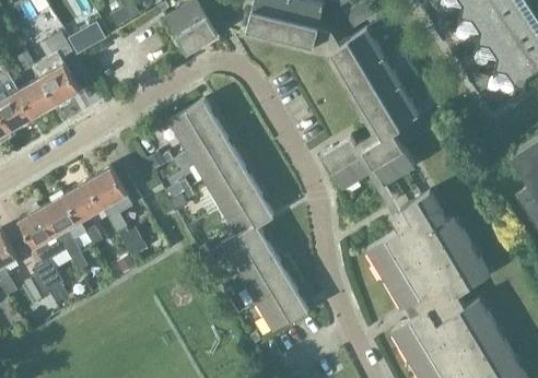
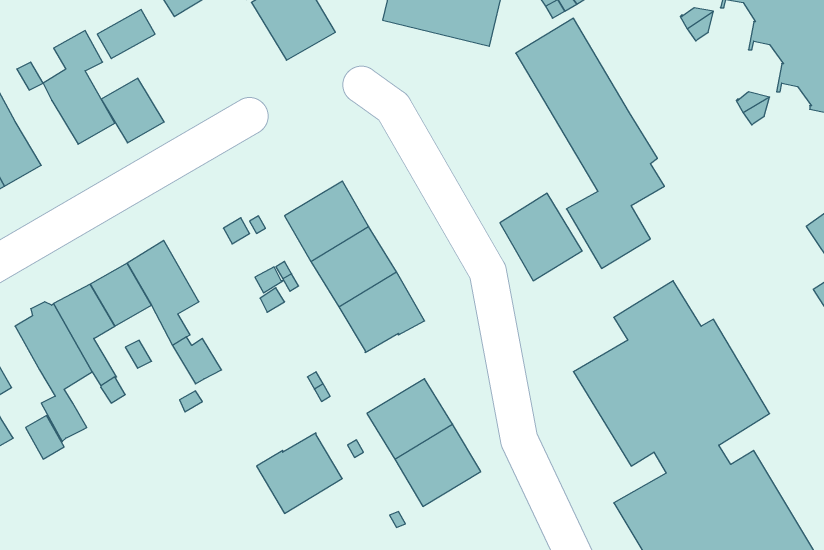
building: [17,79,57,119] -> [101,78,164,143]
building: [167,99,222,151] -> none
building: [220,224,273,274] -> [257,433,342,513]

